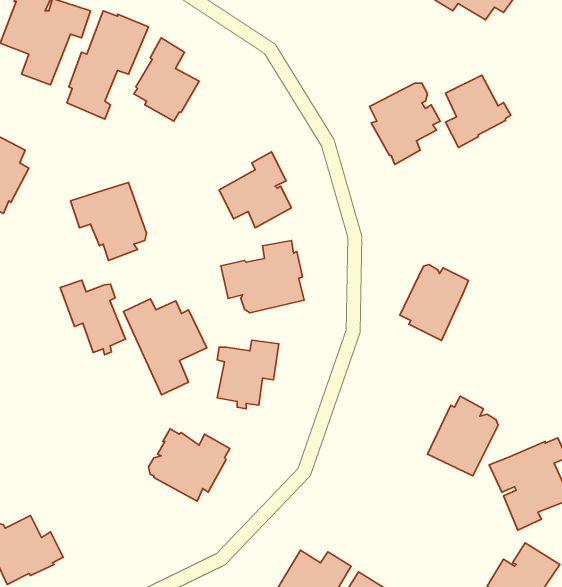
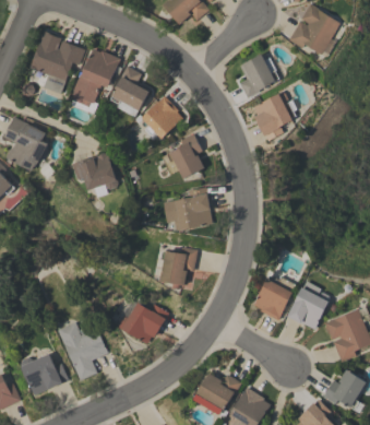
building: [446,75,511,148] -> [239,54,278,97]
building: none -> [142,95,182,139]
building: [400,264,469,340] -> [253,274,295,320]
building: [60,280,125,355] -> none
building: [123,299,207,395] -> [57,322,107,380]

